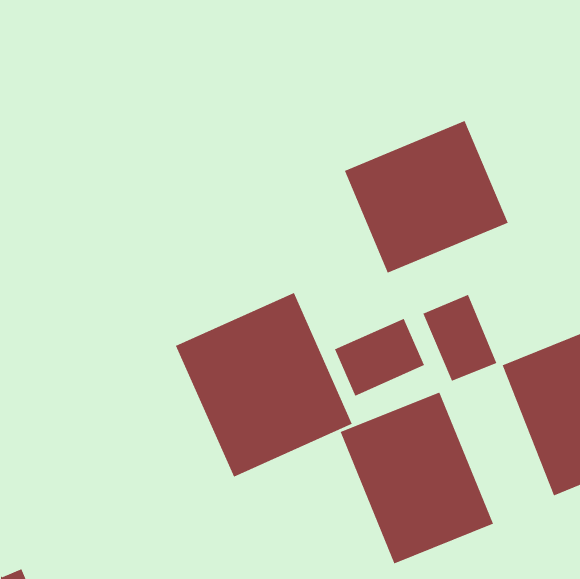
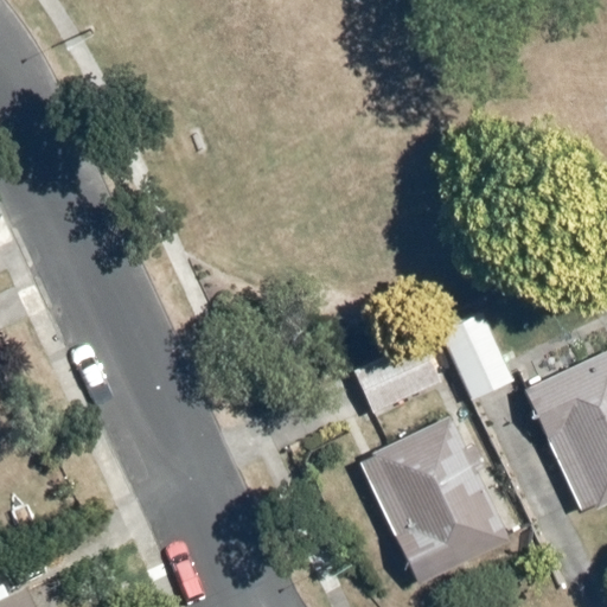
building: [344,120,508,273] -> none
building: [175,292,353,477] -> none

